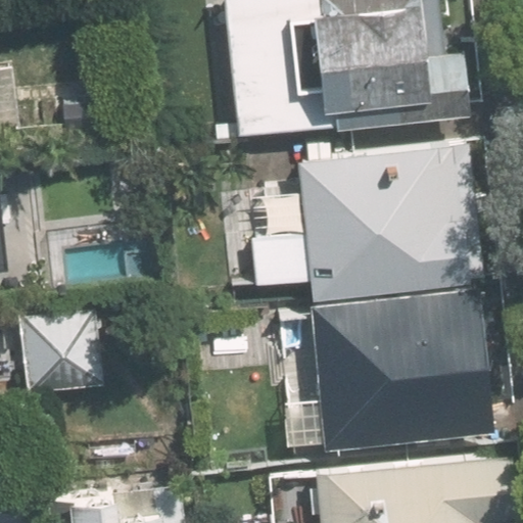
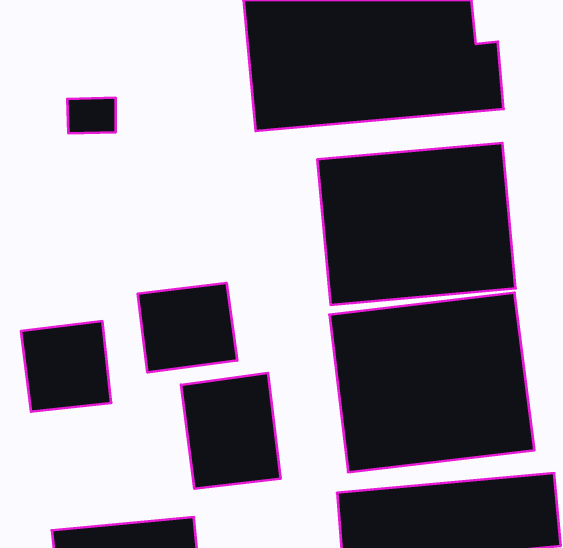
building: none -> [138,283,237,372]
building: none -> [181,373,280,489]

